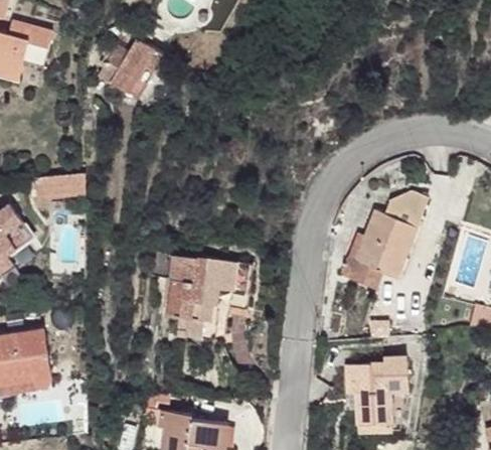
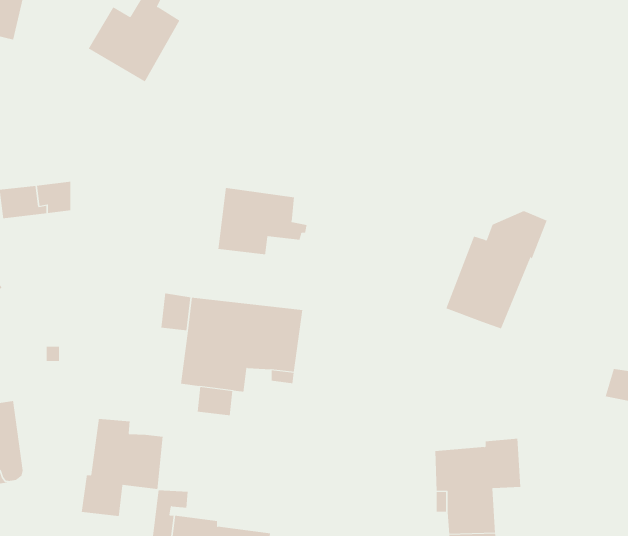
building: none -> [218,187,307,255]
building: [341,234,381,290] -> none
building: none -> [81,418,163,517]

